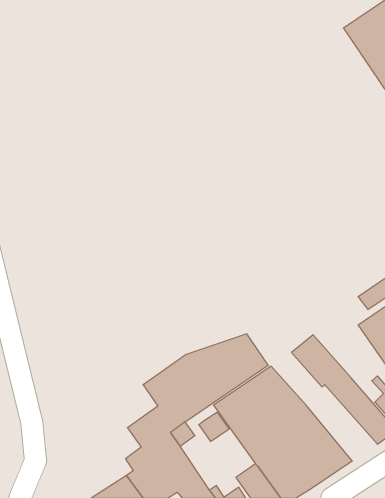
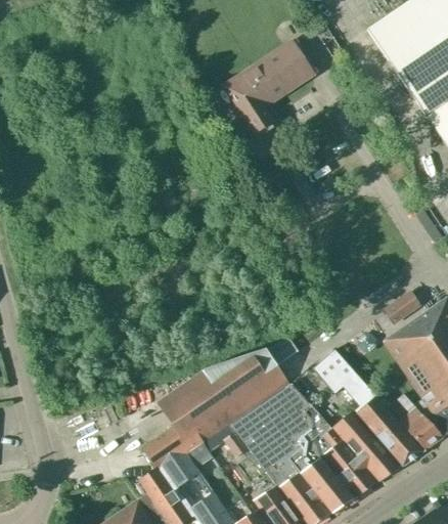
building: none -> [222,41,314,134]
building: none -> [333,412,401,481]

